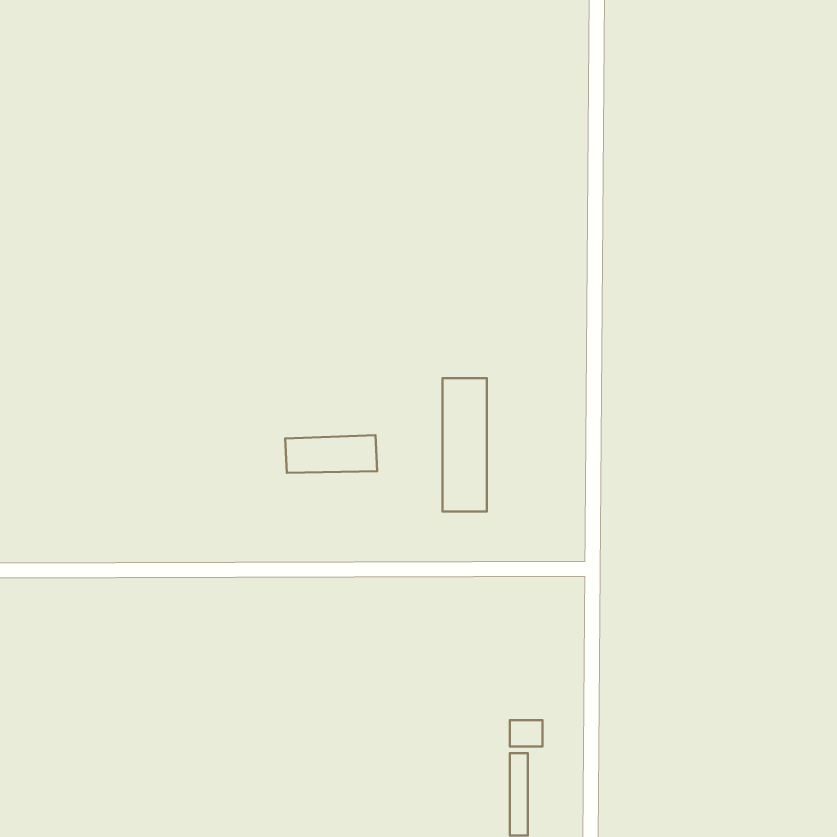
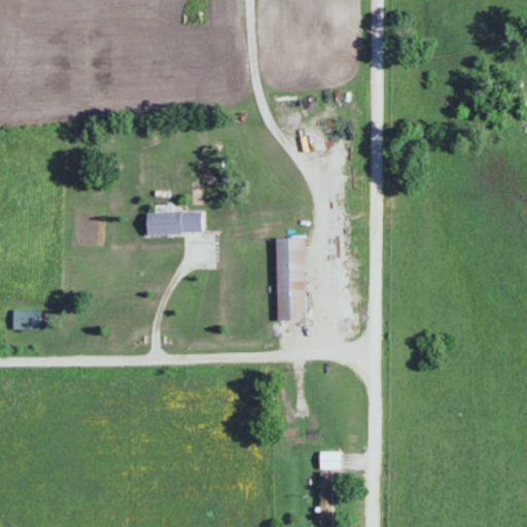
building: [285,435,377,473] -> [143,210,201,234]
building: none -> [11,310,37,328]

